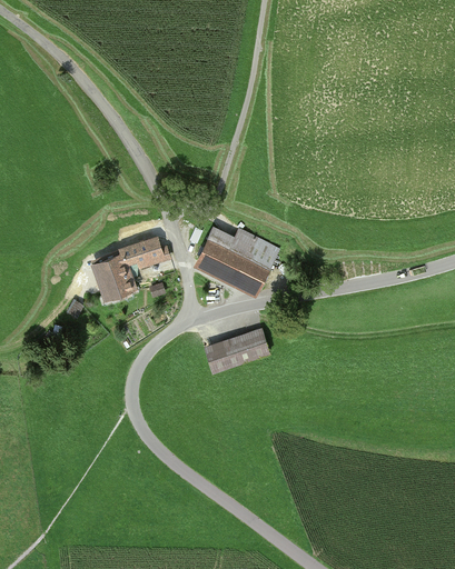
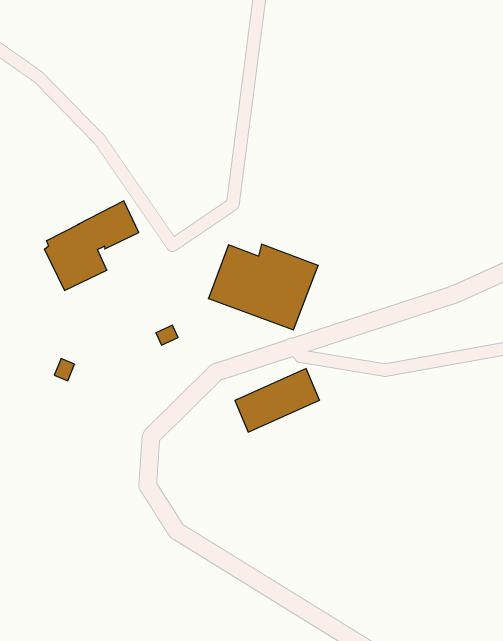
building: [91,236,166,300] -> [44,201,139,290]

